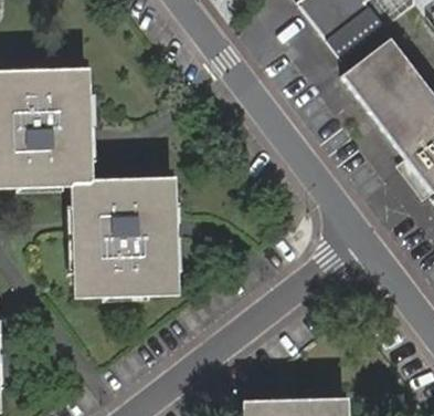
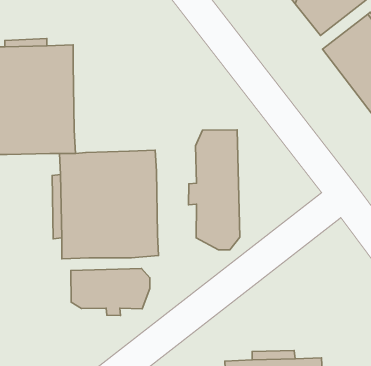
building: none -> [189,130,240,250]
building: none -> [71,269,150,315]

